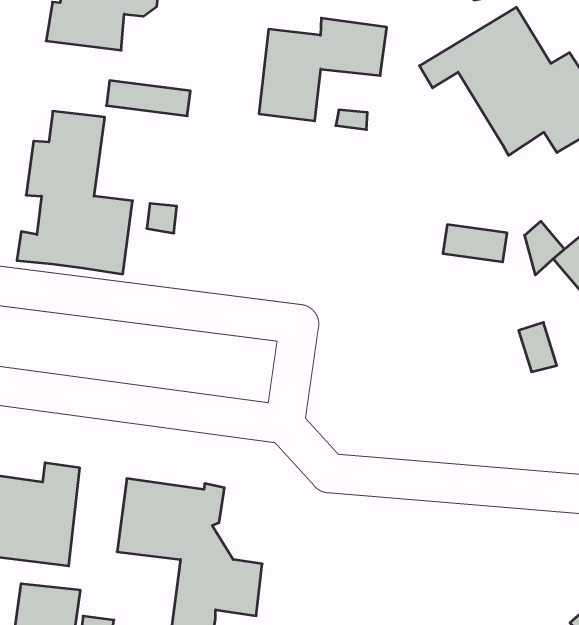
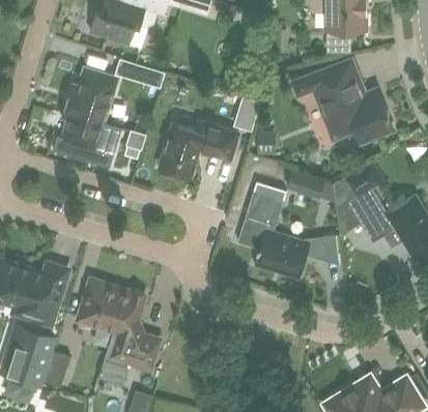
building: [259,18,387,121] -> [160,122,238,178]
building: none -> [236,193,310,279]

